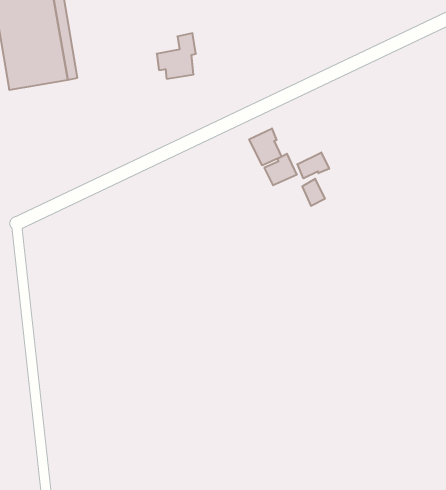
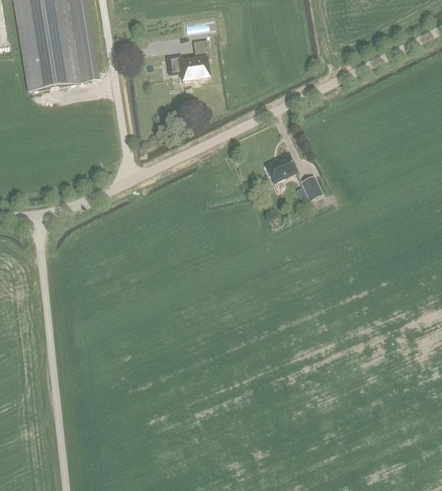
building: [249,128,282,165] -> none
building: [297,152,329,178] -> none

